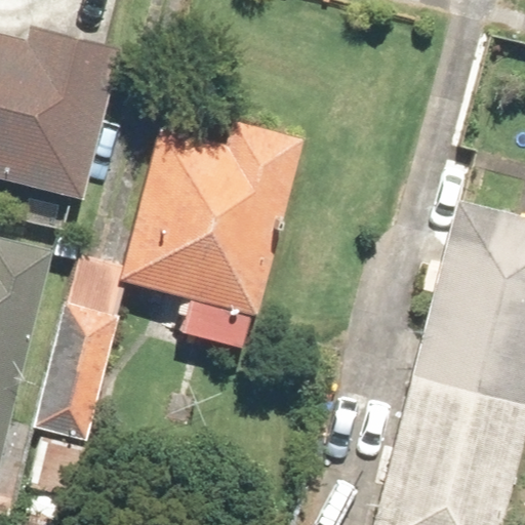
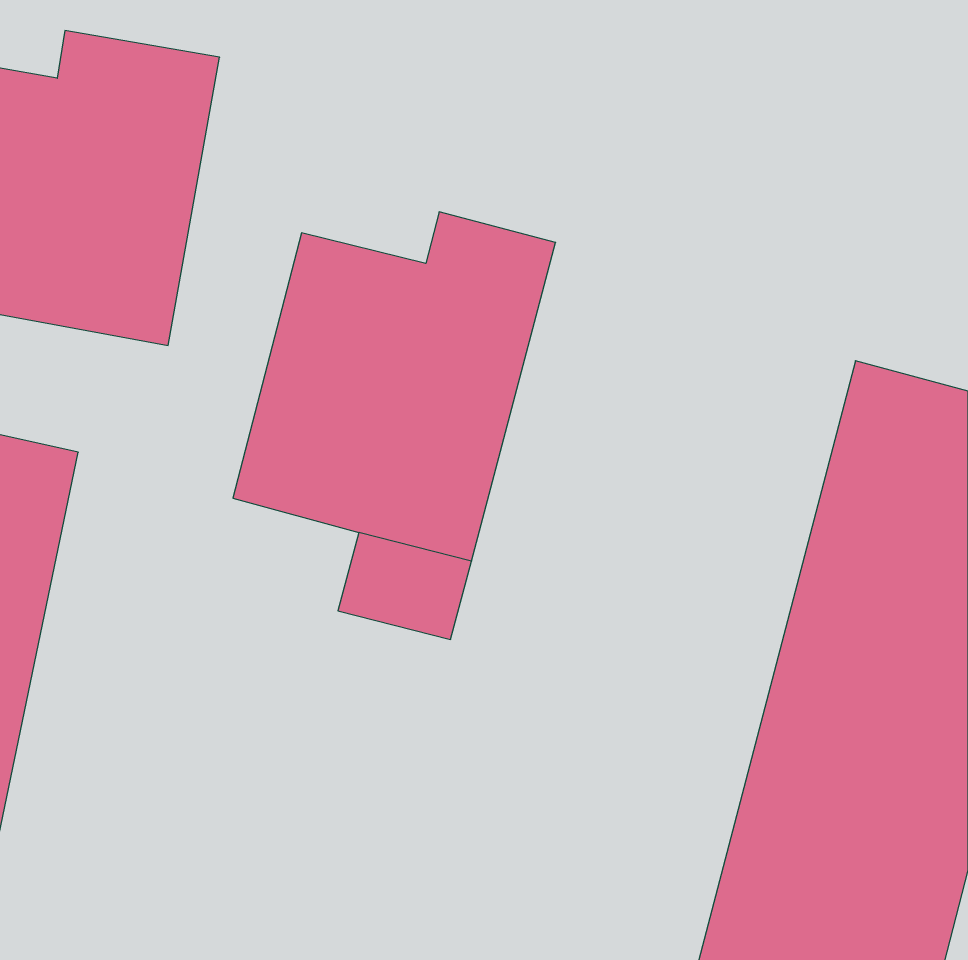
building: [30,266,127,503] -> none

